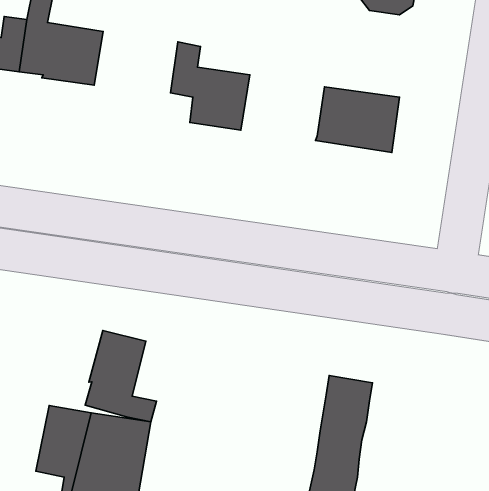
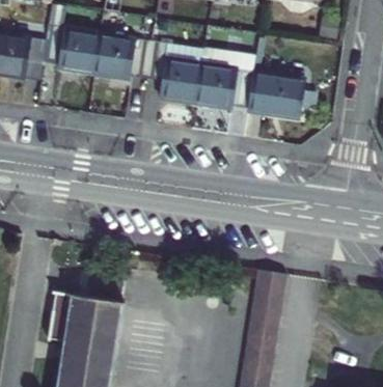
building: none -> [91,32,149,75]
building: none -> [193,46,253,106]
building: [85,331,156,422] -> none

